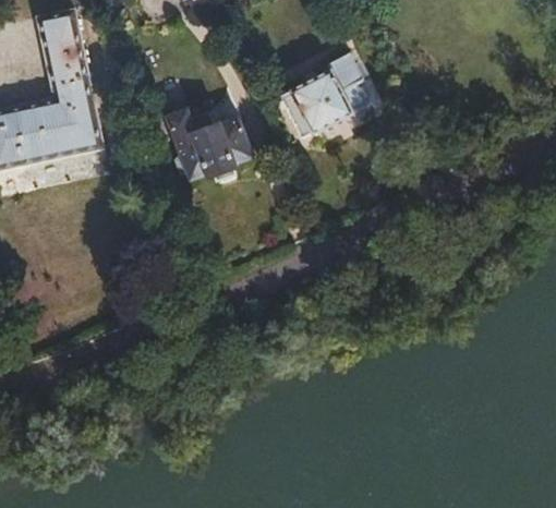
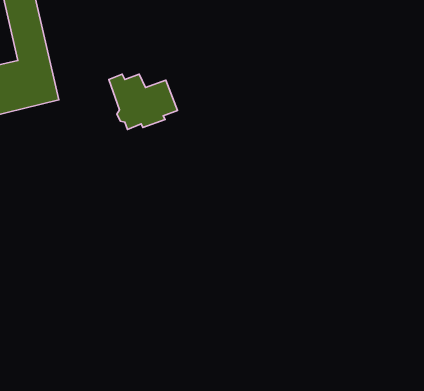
building: [281,52,365,134] -> none

